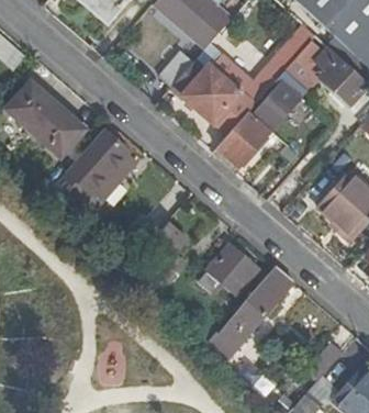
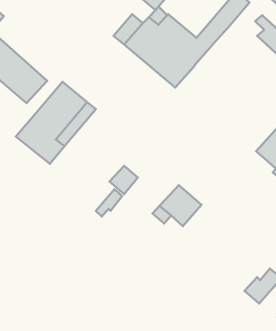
building: [256,68,308,127] -> none
building: [217,112,270,166] -> none
building: [220,265,294,345] -> none

